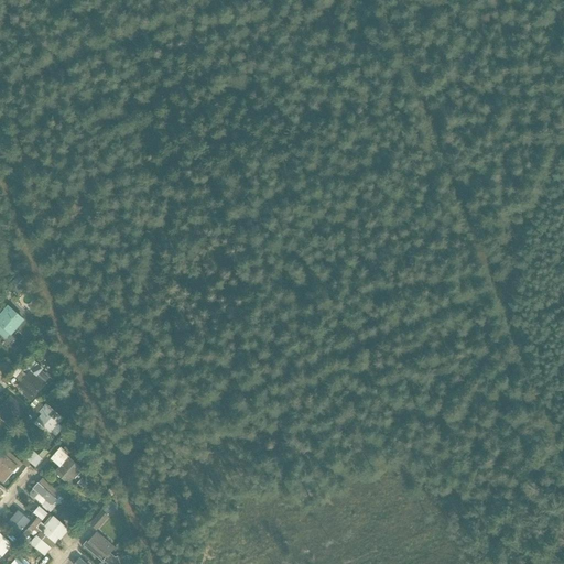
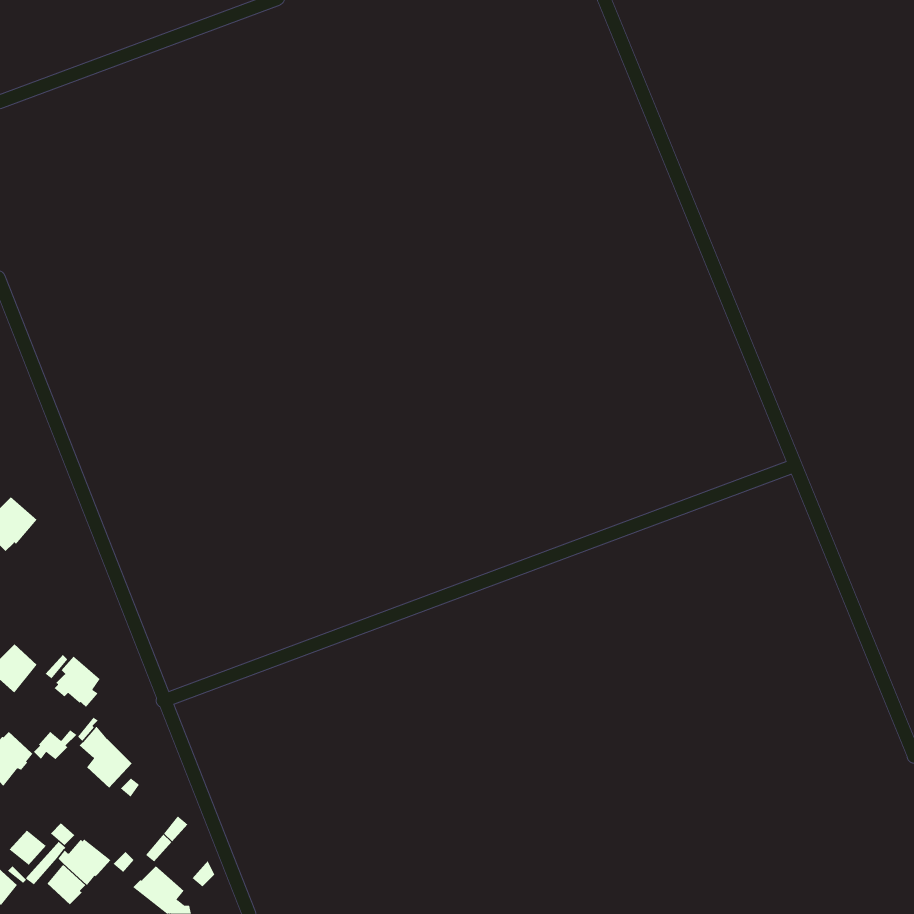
building: [10,359,44,401] -> none
building: [29,478,61,512] -> none

